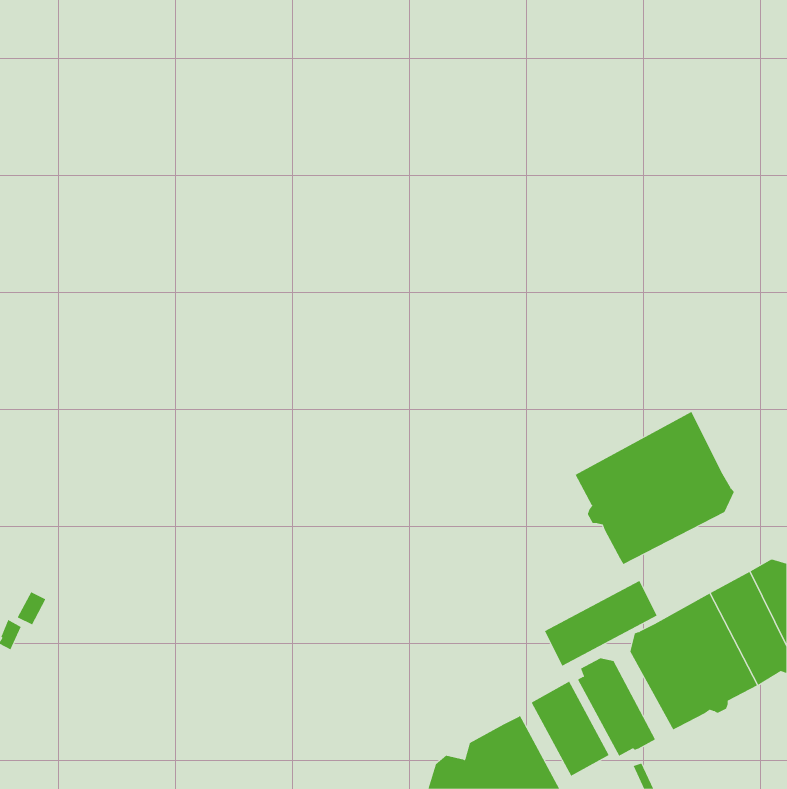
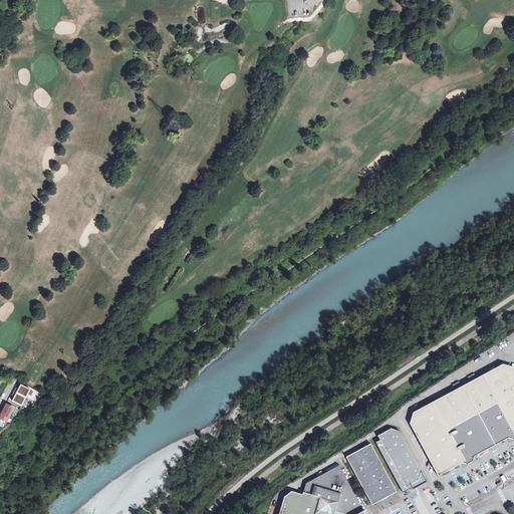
building: [575,411,734,565] -> none
building: [544,580,658,667] -> none

